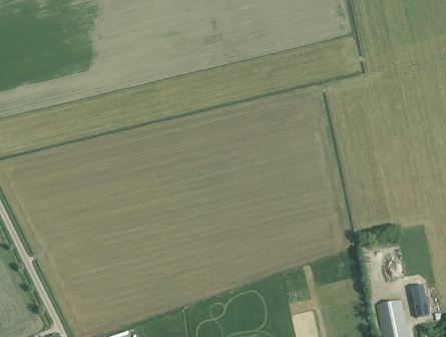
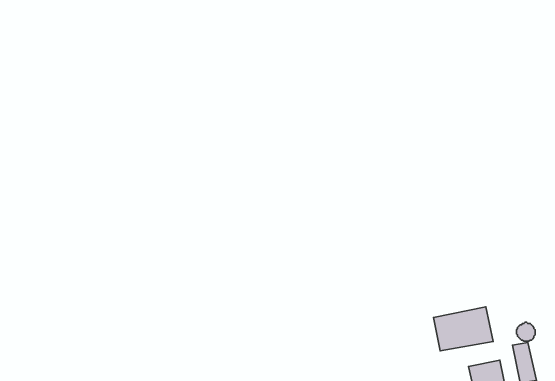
building: none -> [433,307,493,351]

